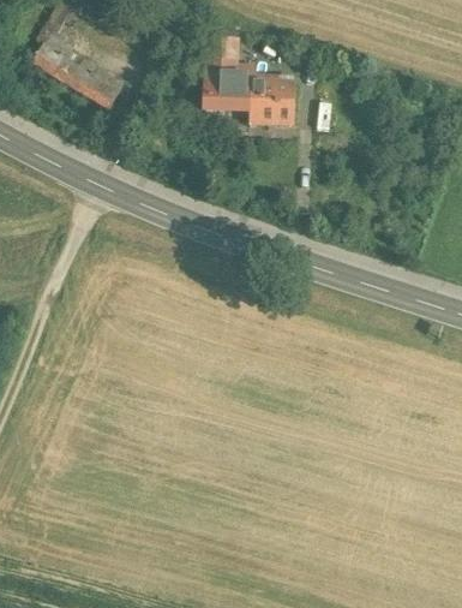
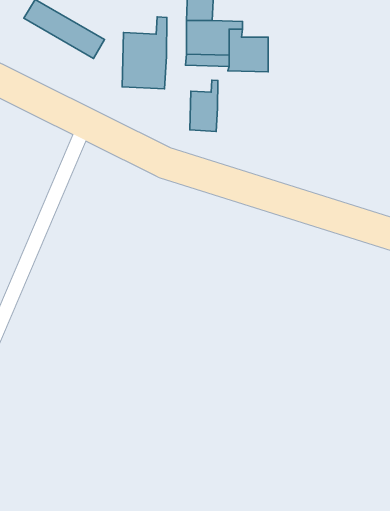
building: none -> [122,17,167,89]
building: none -> [190,80,218,131]

